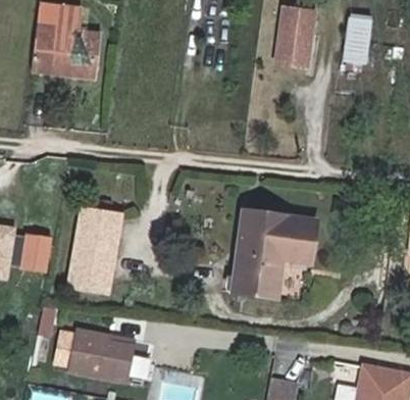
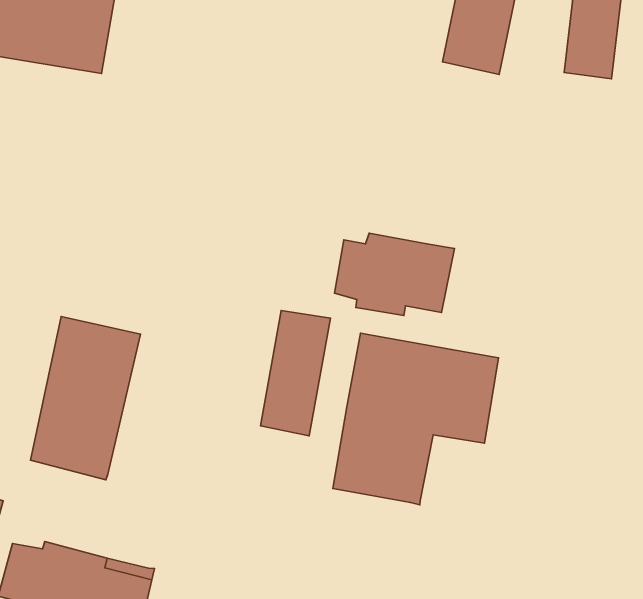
building: none -> [335,233,454,315]
building: none -> [261,311,330,436]

